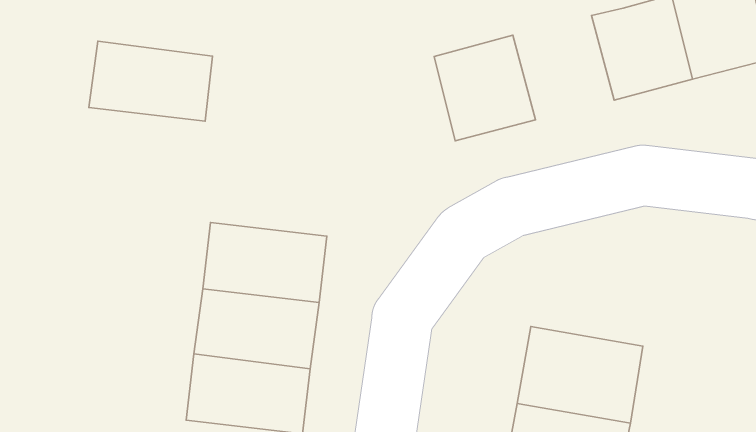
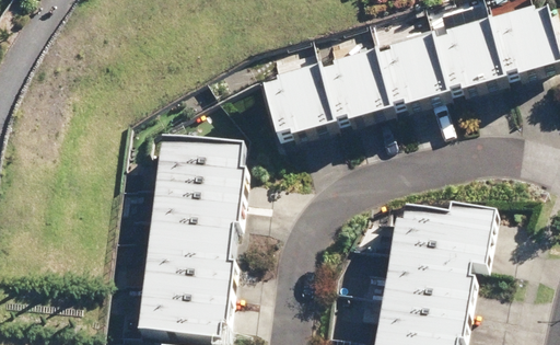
building: none -> [375,33,448,108]
building: [89,41,213,121] -> [156,135,246,193]
building: none -> [260,62,334,139]
building: none -> [388,204,494,273]

